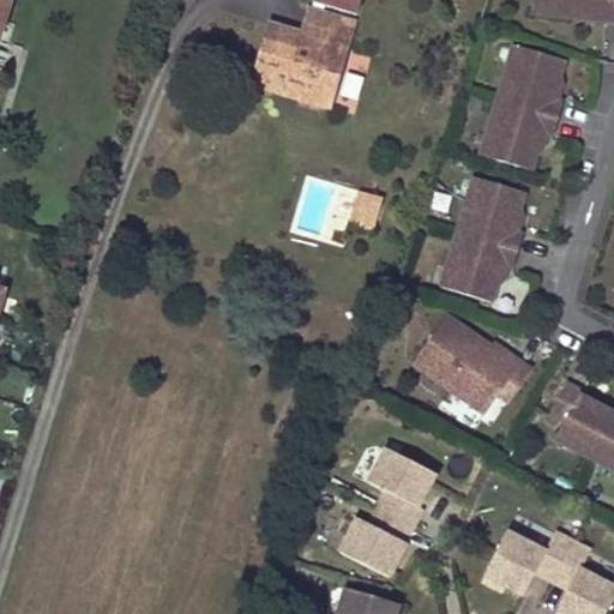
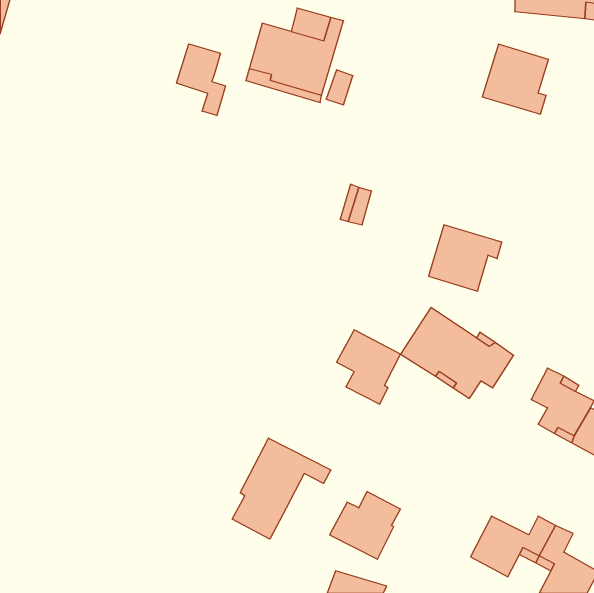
building: none -> [177,44,226,116]
building: [481,100,558,169] -> none
building: [458,177,526,249] -> none
building: [369,447,435,524] -> [337,330,401,404]
building: none -> [232,438,331,539]

